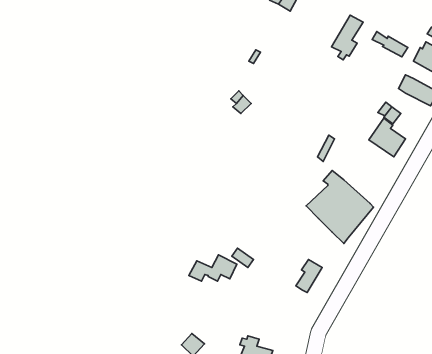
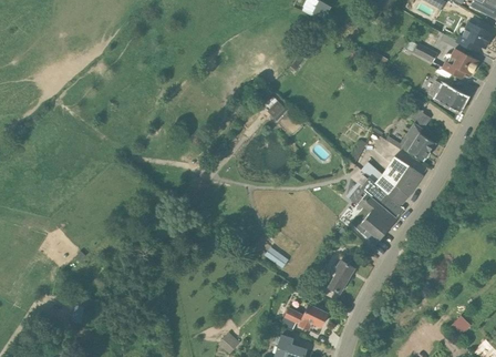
building: [331,15,363,60] -> none
building: none -> [375,154,423,206]
building: [189,255,237,281] -> [281,304,328,329]

